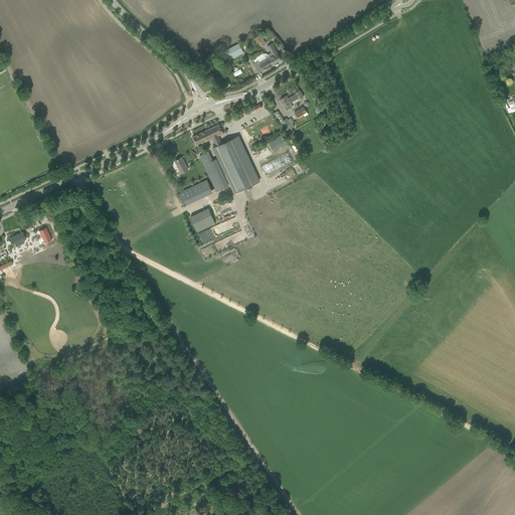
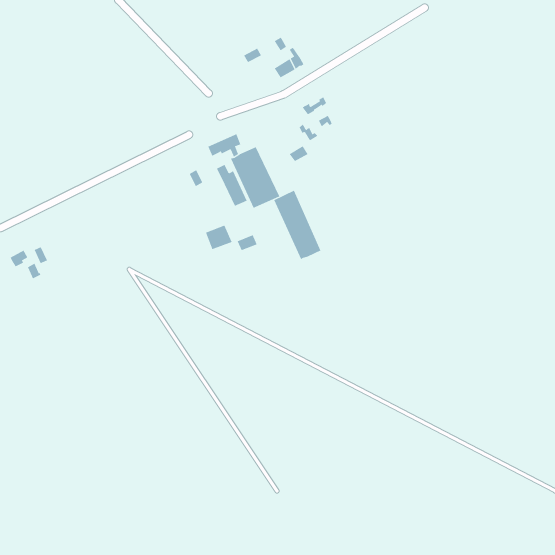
building: none -> [274,190,321,260]
building: [179,179,212,205] -> none

